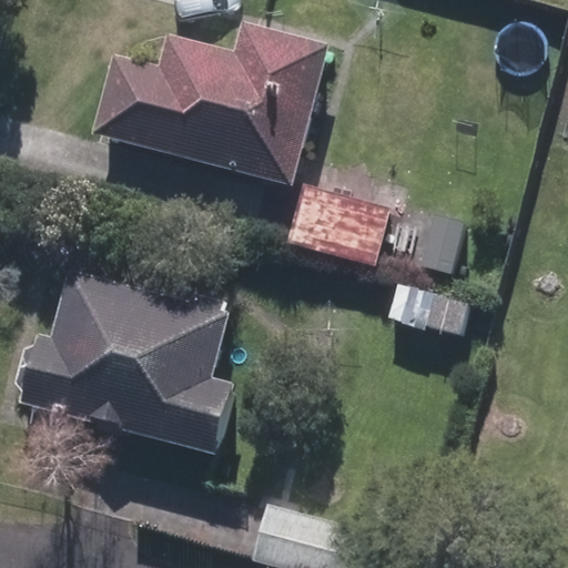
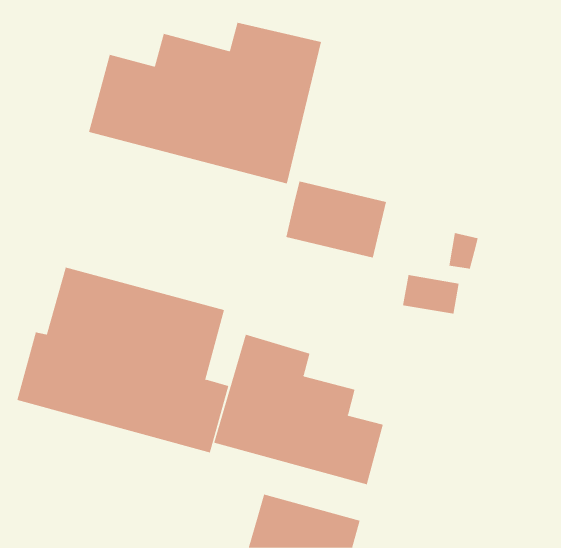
building: none -> [213,334,383,485]

